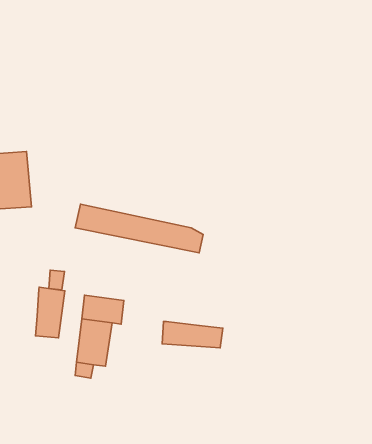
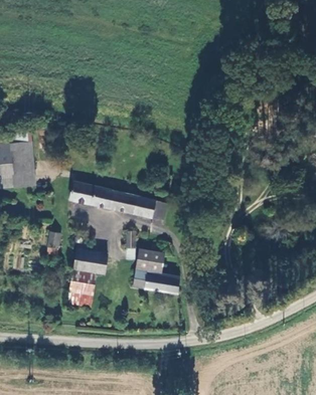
building: [36,287,65,338] -> none
building: none -> [137,248,164,274]

